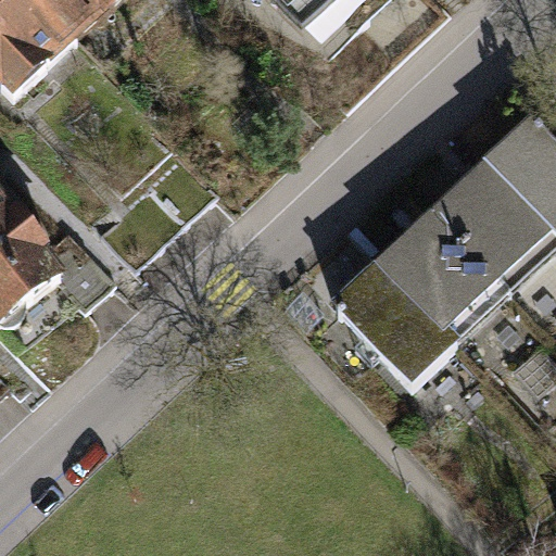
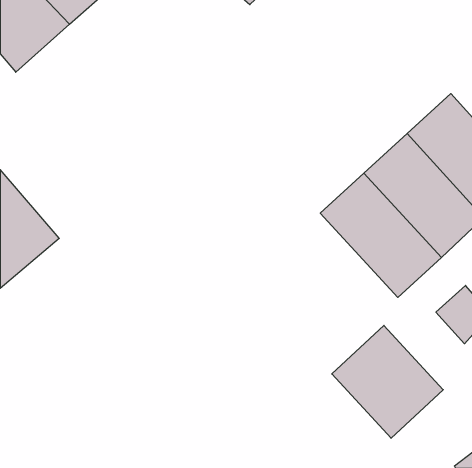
building: [326,250,468,395] -> none
building: none -> [332,325,443,438]

